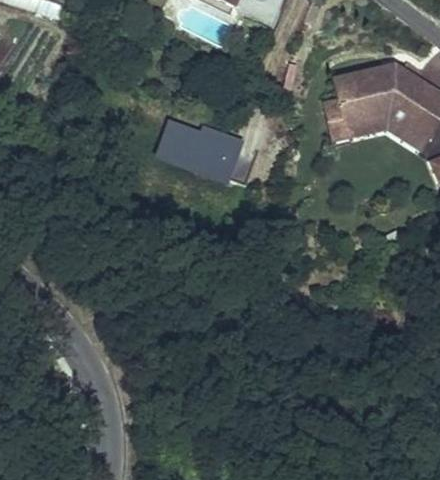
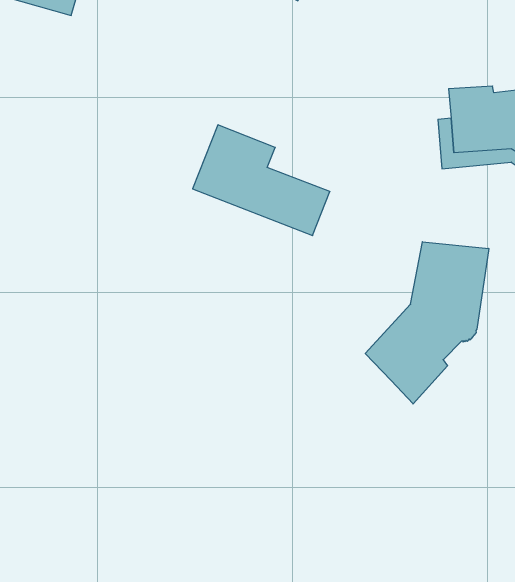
building: none -> [365,242,489,404]

